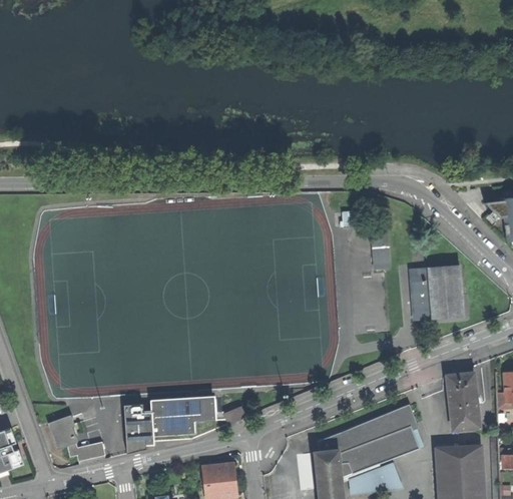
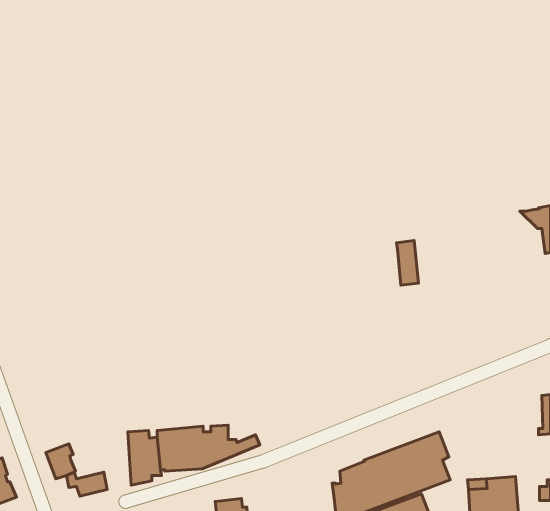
building: [411,265,462,320] -> none
building: [447,372,479,429] -> none

